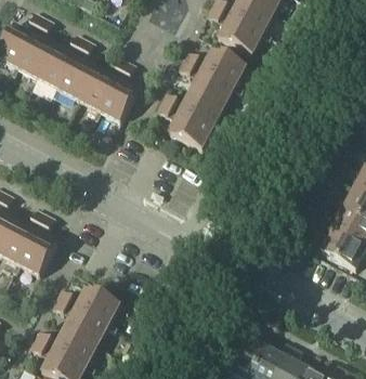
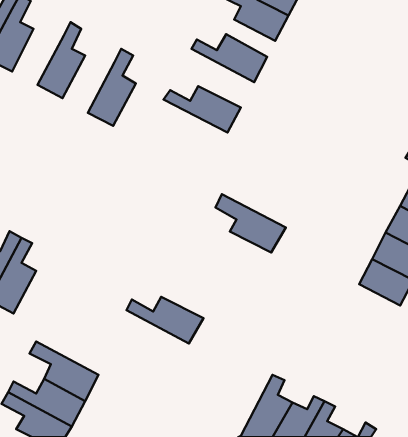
building: [39,34,87,89] -> none
building: [80,55,128,112] -> none
building: [180,60,236,107] -> none
building: [157,101,214,148] -> [215,194,286,253]
building: [58,287,121,325] -> [126,297,204,344]

